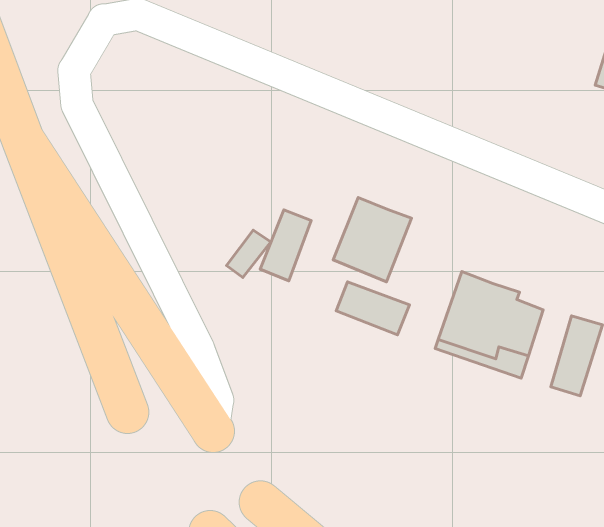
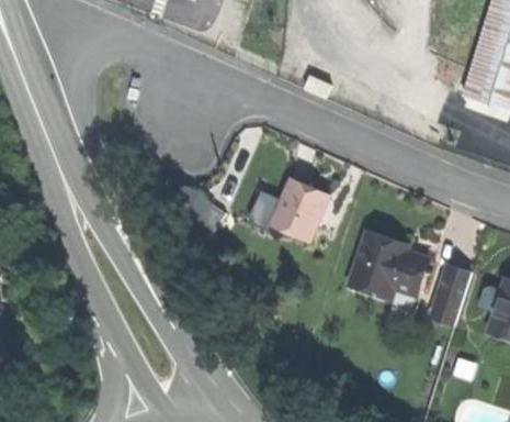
building: [260,210,311,281] -> none
building: [336,282,410,335] -> none

